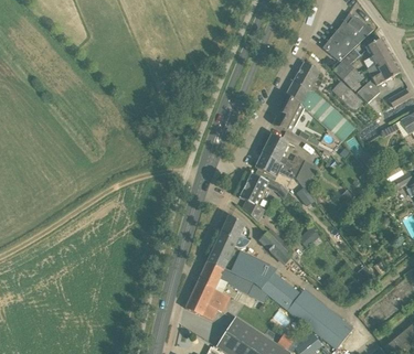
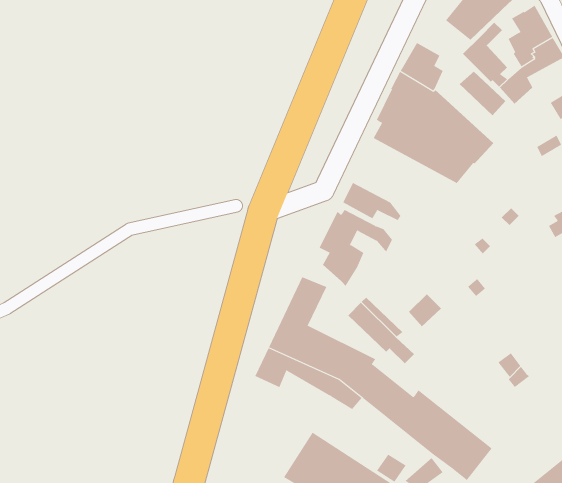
building: [262,133,317,189] -> none
building: [185,280,230,319] -> none

